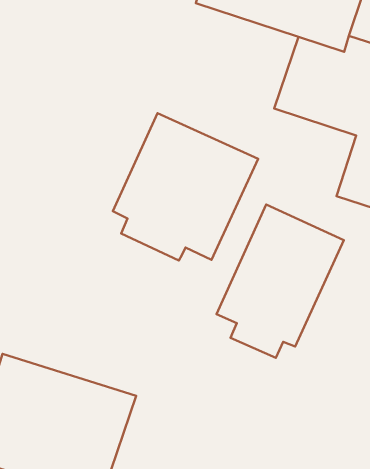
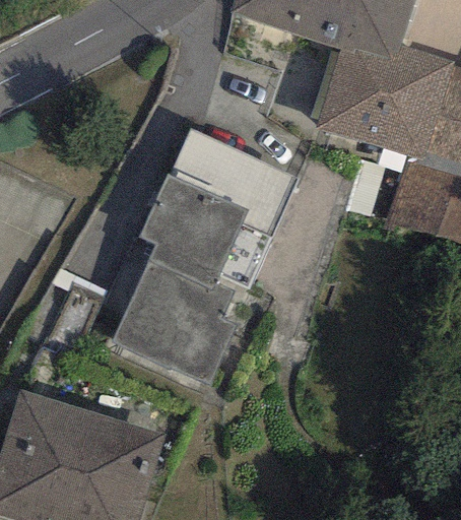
building: [217,204,344,358] -> none
building: none -> [110,260,232,384]

